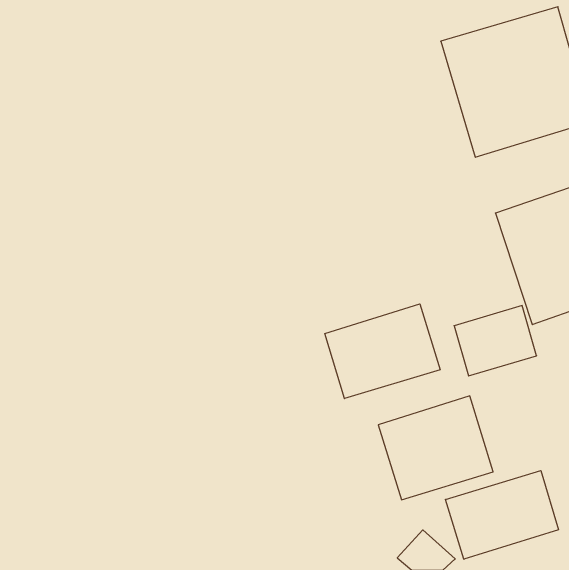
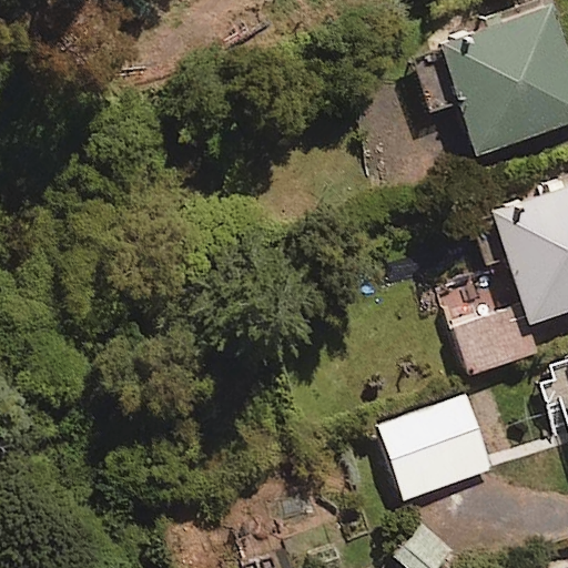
building: [325,304,440,399] -> none
building: [445,471,559,559] -> none

